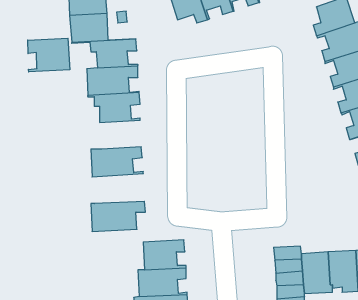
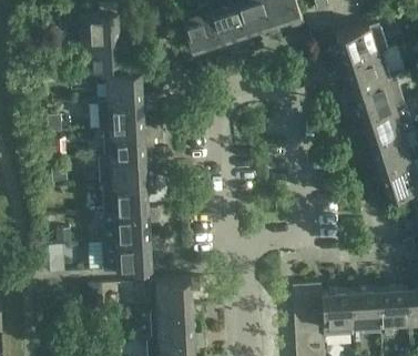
building: [28,38,70,72] -> none
building: none -> [106,156,154,186]
building: none -> [103,212,157,243]

